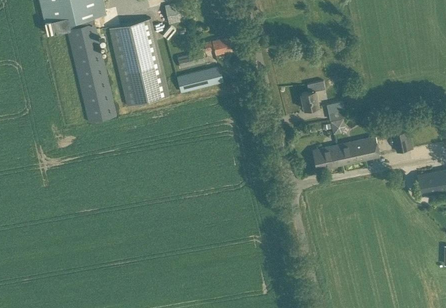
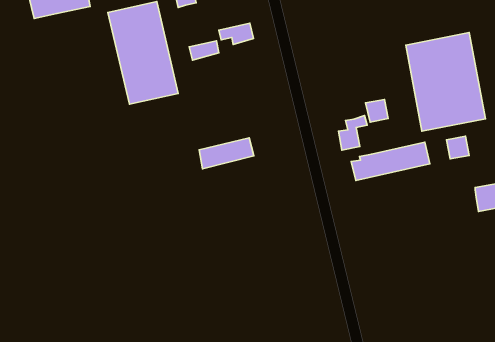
building: [66,24,115,123] -> none
building: none -> [406,33,485,131]
building: [177,67,223,93] -> [199,138,254,169]
building: [300,81,324,110] -> [338,116,367,150]

